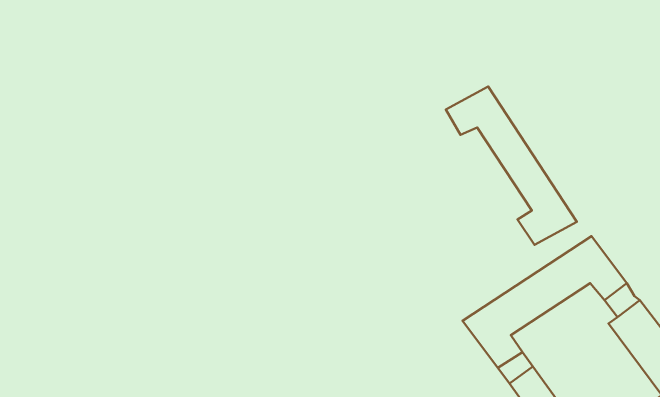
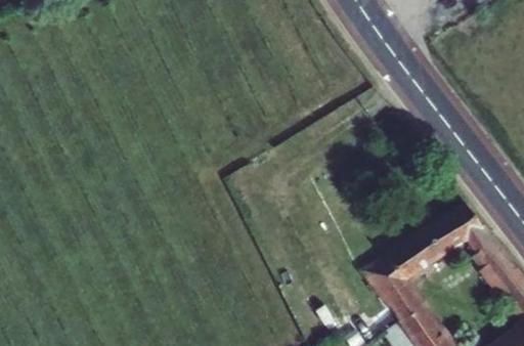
building: [446,87,577,245] -> none

